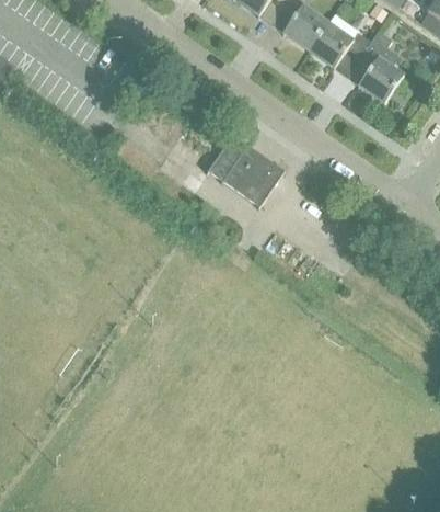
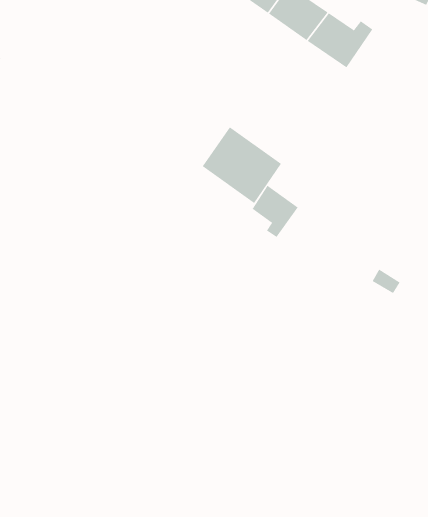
building: [347,30,404,103] -> none
building: none -> [252,185,299,238]

